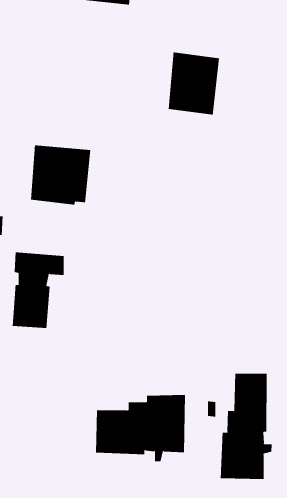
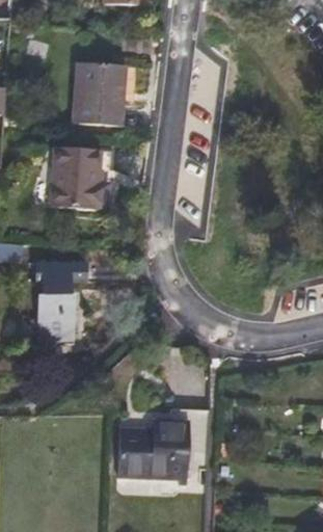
building: [168,52,220,115] -> [76,68,129,132]
building: [220,373,272,480] -> none

